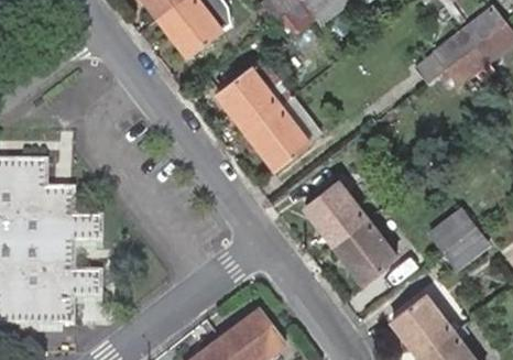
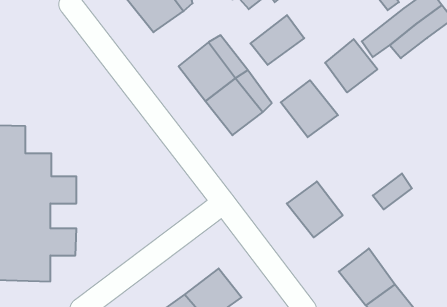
building: none -> [250,15,304,65]
building: none -> [325,39,377,92]
building: [304,179,367,242] -> [281,80,338,137]
building: [440,226,487,269] -> none

